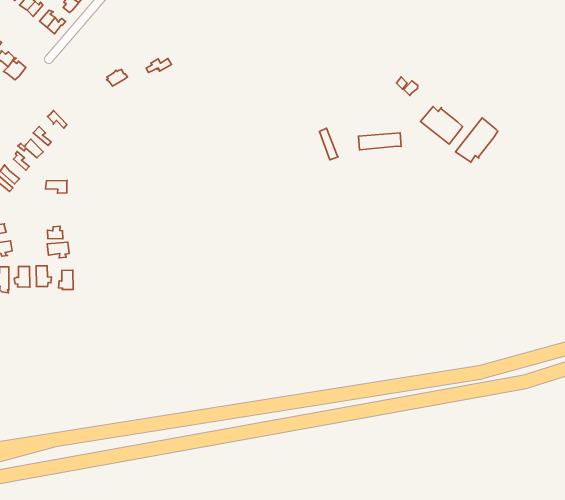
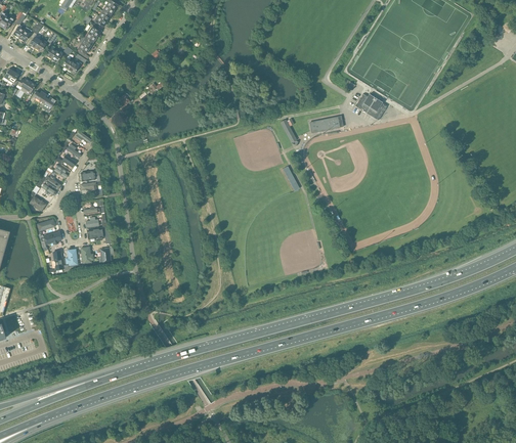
building: [456,118,498,162] -> none

